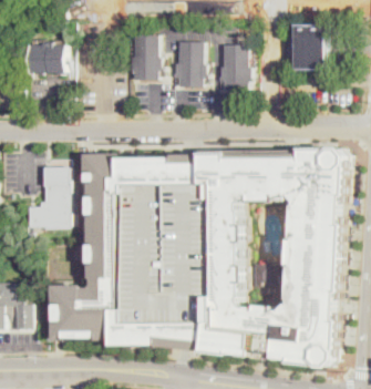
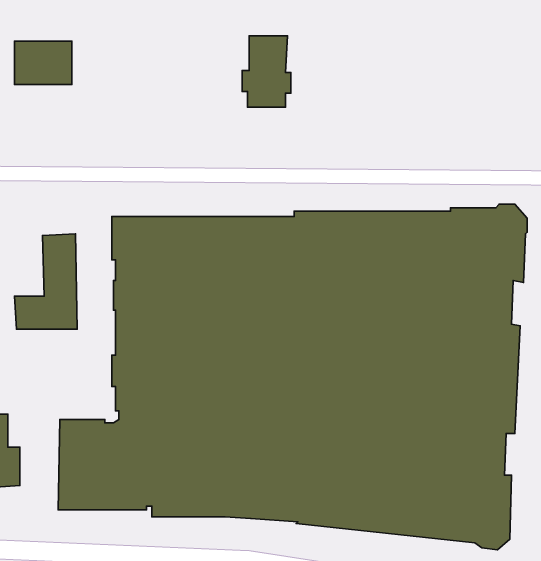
building: [293,23,333,69] -> none
building: [128,34,158,80] -> none
building: [218,44,248,90] -> none

